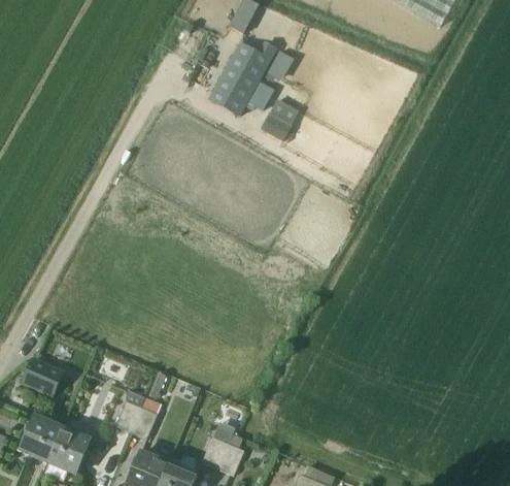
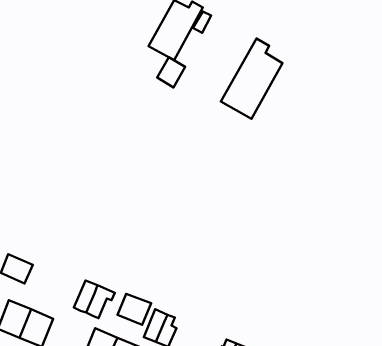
building: none -> [221,38,282,119]
building: [263,101,298,139] -> [157,57,185,87]
building: none -> [118,294,151,325]

